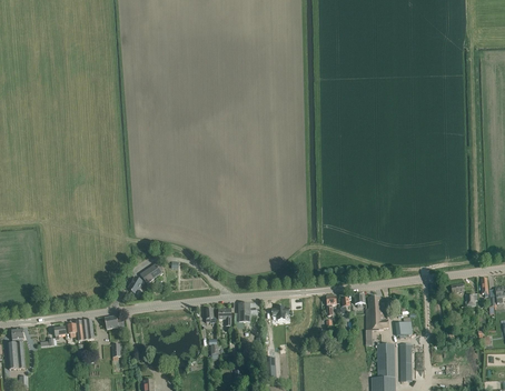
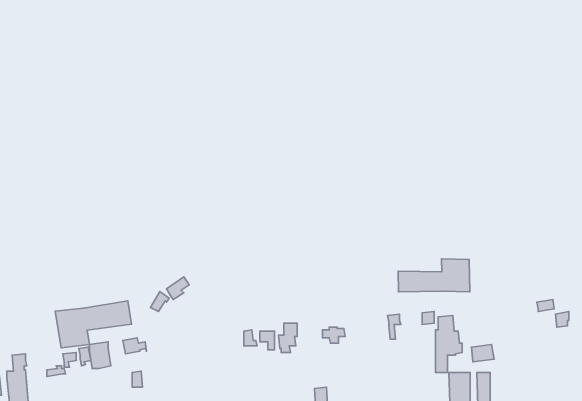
building: none -> [398,259,470,292]
building: none -> [55,301,132,348]

